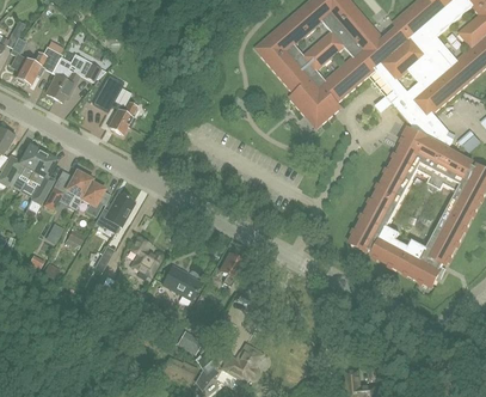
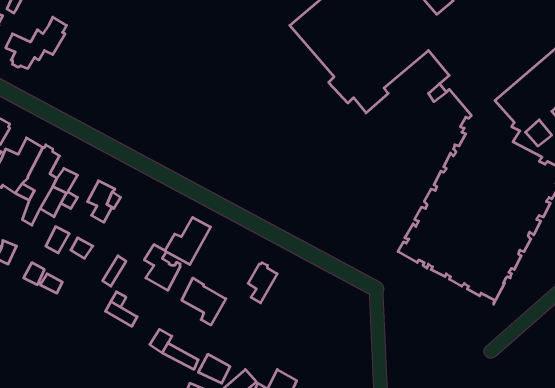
building: [45,54,104,100] -> none
building: [91,78,136,134] -> none
building: [63,170,91,209] -> none
building: [93,193,133,233] -> [165,217,211,265]

